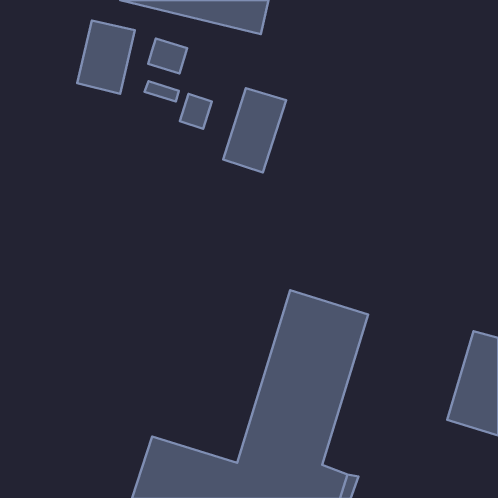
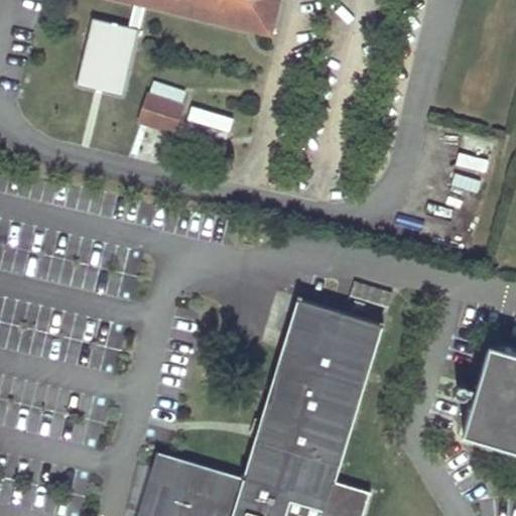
building: [148,38,187,74] -> [141,96,181,132]
building: [223,88,286,173] -> none

